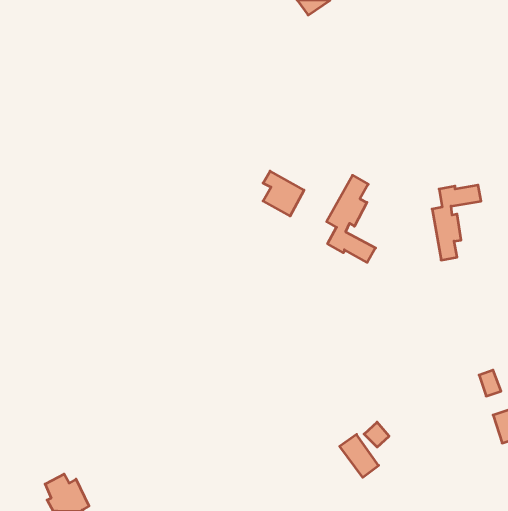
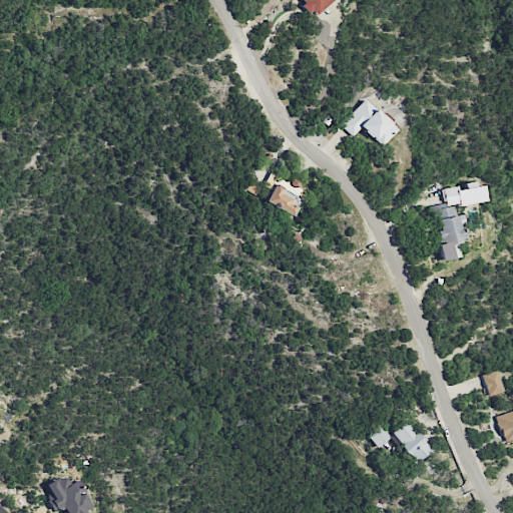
building: none -> [343,100,399,146]
building: [327,175,376,262] -> none
building: [340,434,379,477] -> [394,420,433,463]

